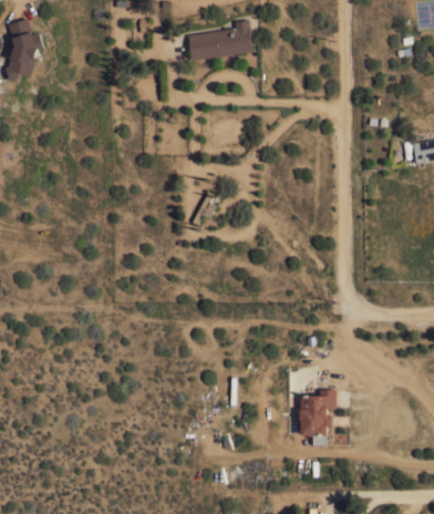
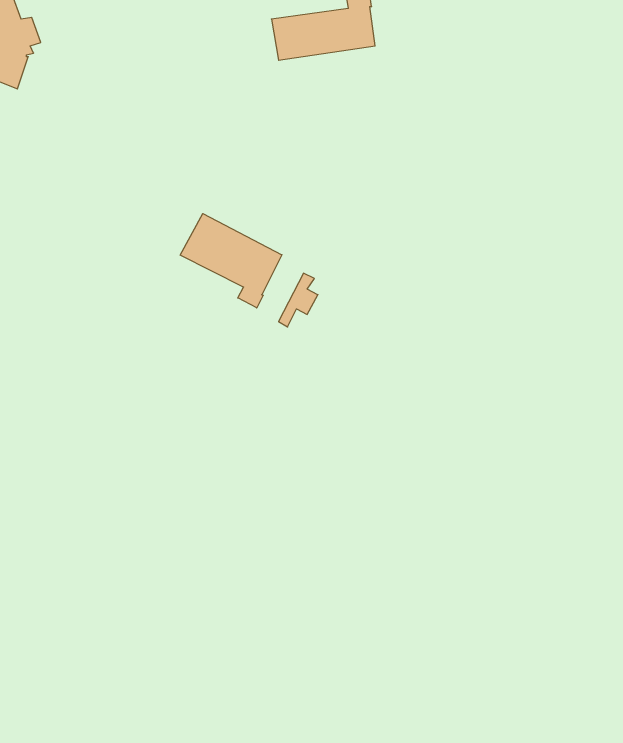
building: none -> [180,214,282,308]
building: [299,390,337,446] -> none

